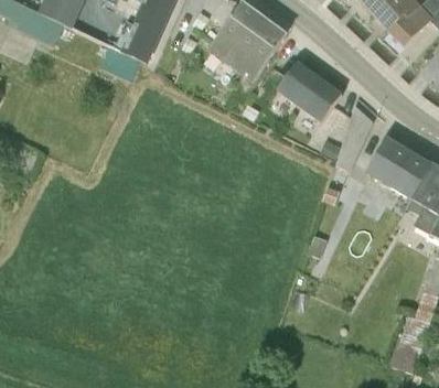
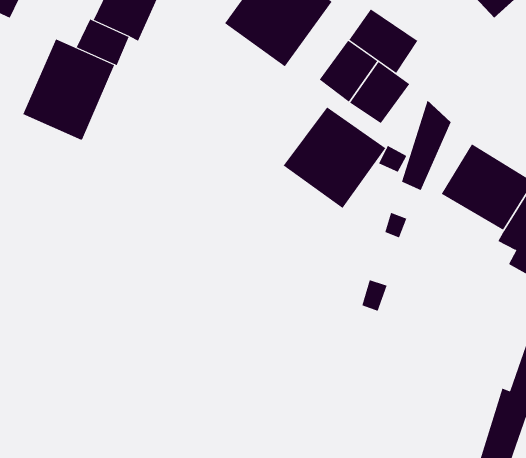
building: none -> [348,8,418,74]
building: none -> [22,39,115,141]
building: none -> [283,107,386,209]

